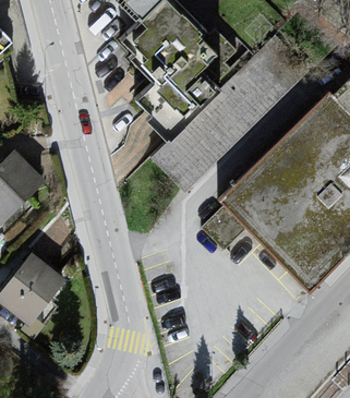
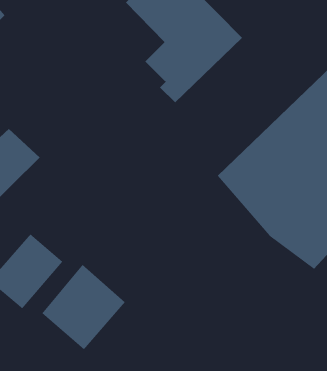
building: none -> [41,264,125,350]

